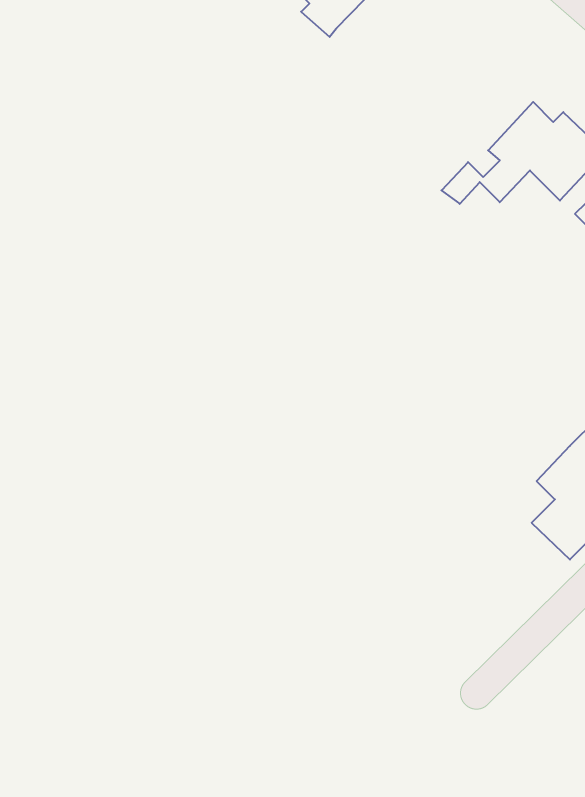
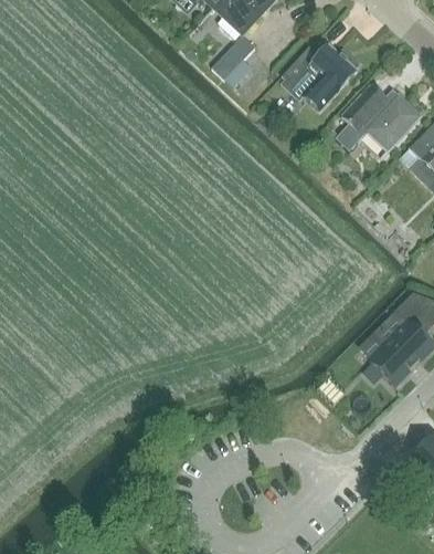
building: none -> [212,35,255,79]
building: none -> [280,43,360,109]

